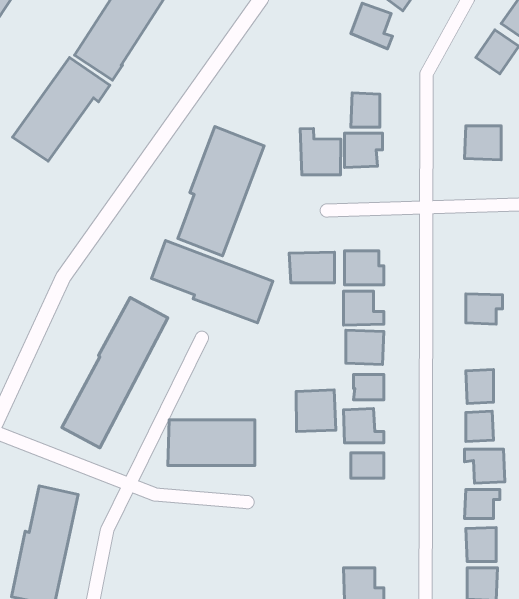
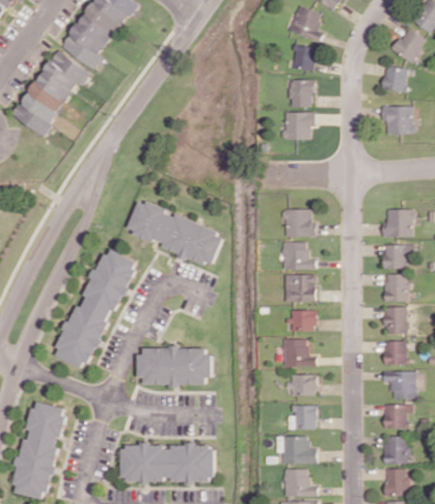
building: none -> [293,45,319,71]
building: none -> [384,66,407,91]
building: [178,127,264,256] -> none
building: [300,128,341,175] -> none
building: none -> [382,208,414,236]
building: [289,252,335,283] -> none
building: none -> [384,274,409,302]
building: [296,390,336,432] -> none
building: none -> [288,404,317,429]
building: none -> [282,436,317,464]
building: none -> [120,444,215,482]

